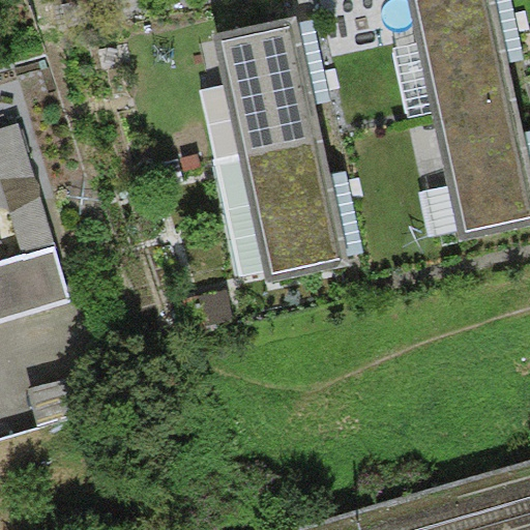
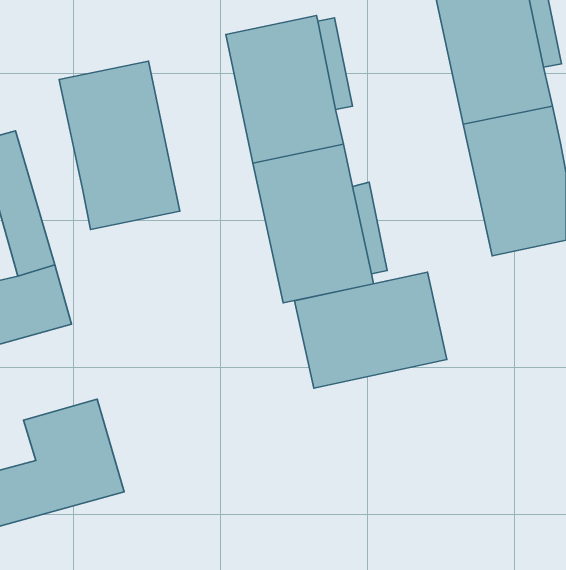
building: none -> [59,61,180,230]
building: none -> [294,272,447,388]

